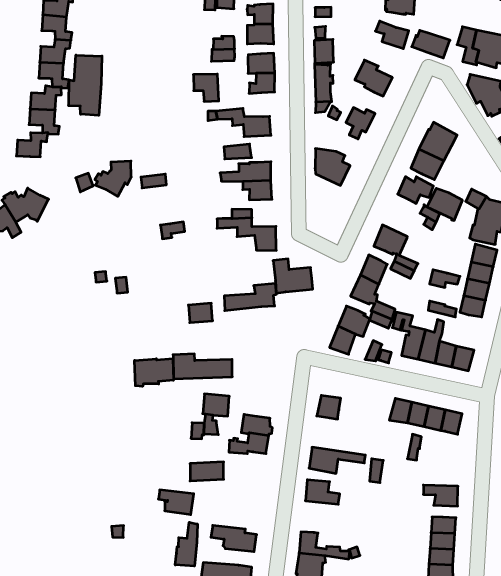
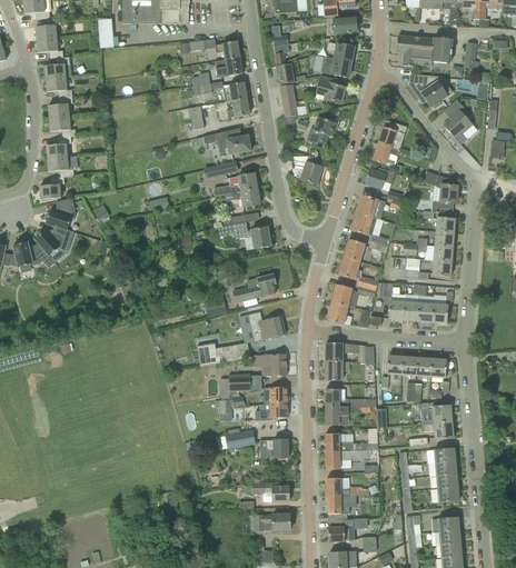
building: [412,30,450,58] -> [320,57,351,77]
building: [69,55,102,115] -> none
building: [95,161,131,196] -> [44,198,75,229]
building: [427,188,462,220] -> [356,195,385,219]
building: [273,259,313,293] -> [248,311,285,341]
building: [135,359,173,386] -> none
building: none -> [326,342,365,361]
building: none -> [251,353,286,376]
building: none -> [325,388,376,406]
building: none -> [421,403,452,423]
building: [158,490,194,515] -> [259,439,288,457]
building: none -> [326,450,368,469]
building: [175,522,197,566] -> none

